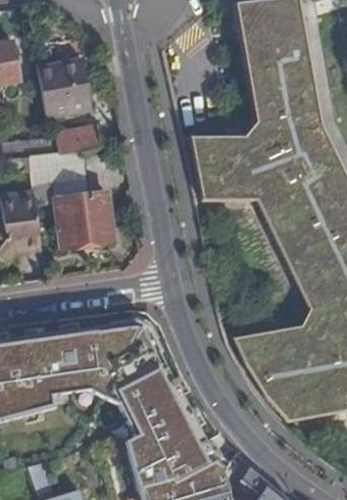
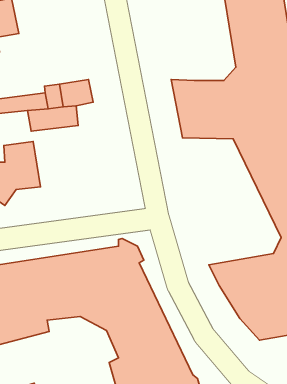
building: [39,66,93,124] -> none
building: [57,187,116,244] -> none

